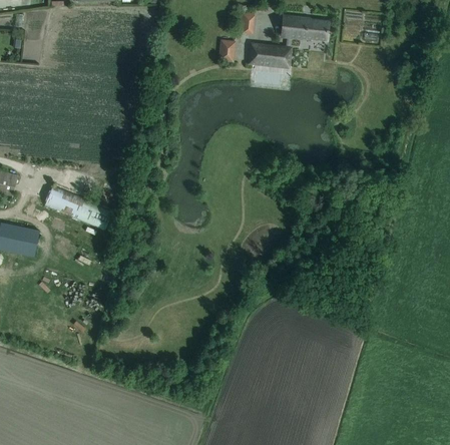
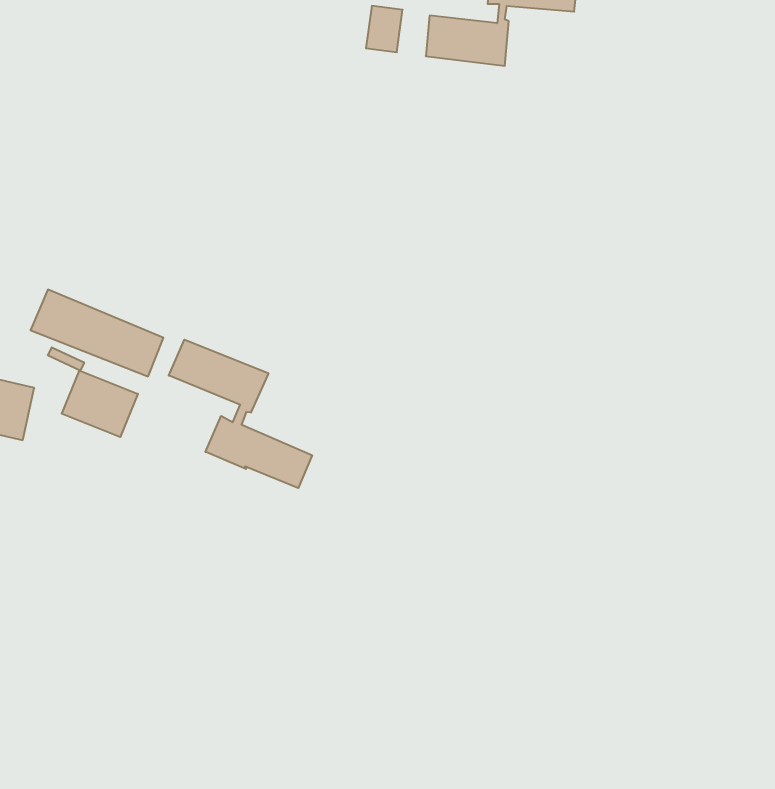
building: none -> [169,340,312,488]
building: none -> [62,370,138,437]

